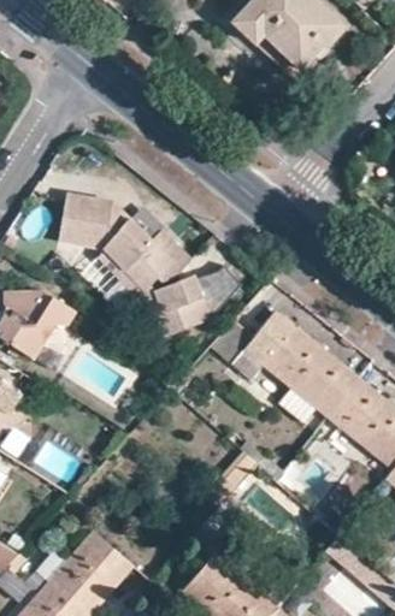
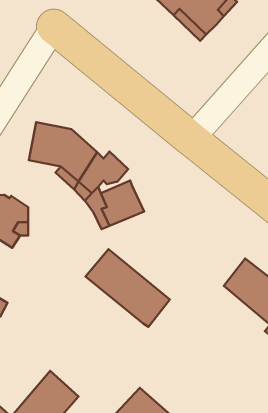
building: [241,308,355,414] -> [85,249,170,327]

